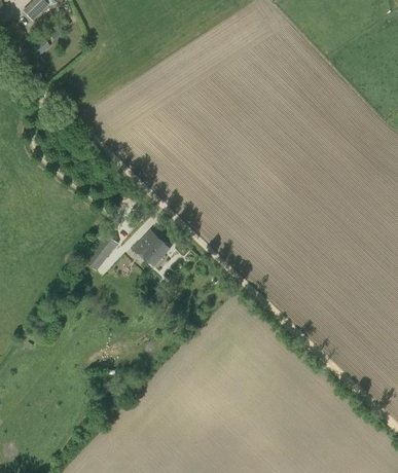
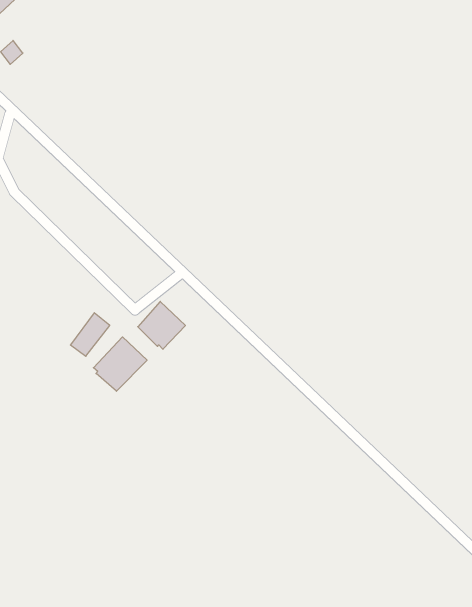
building: none -> [93,337,147,391]

